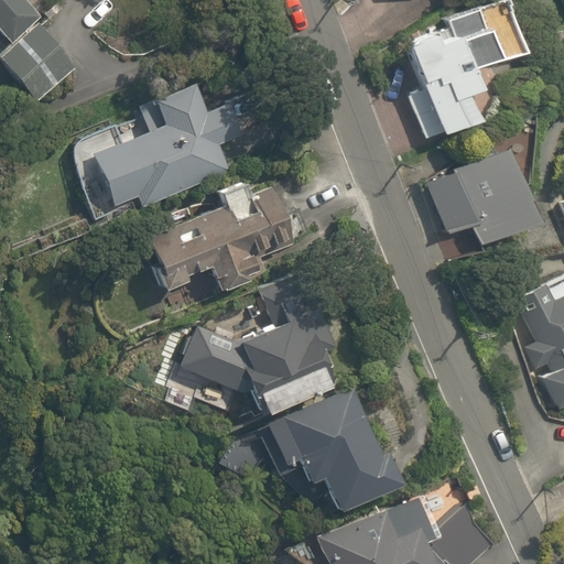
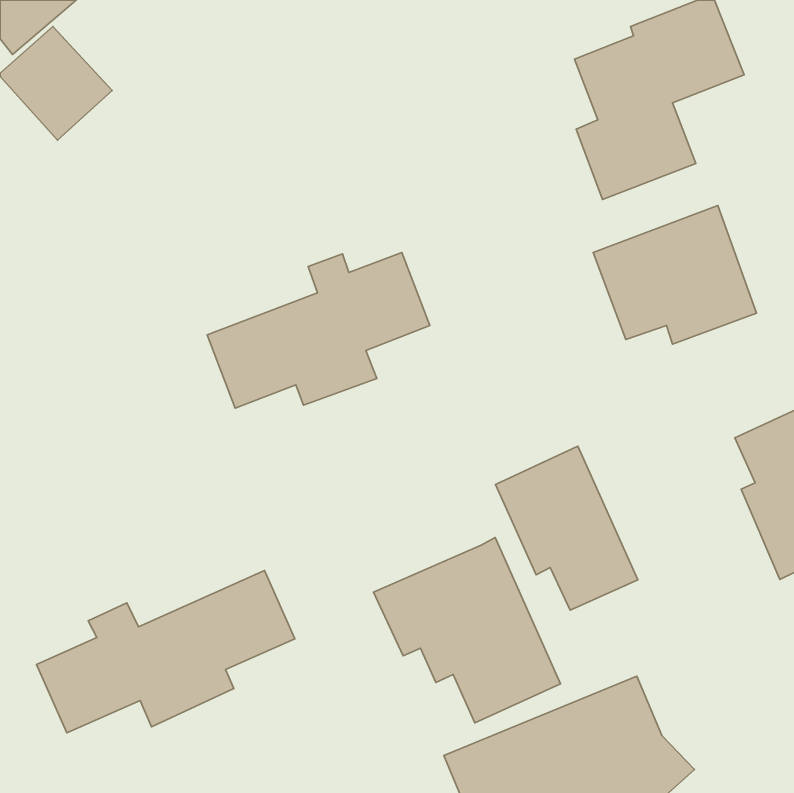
building: [70,77,249,219] -> none
building: [175,269,341,421] -> none
building: none -> [496,446,638,610]
building: none -> [36,570,295,733]

